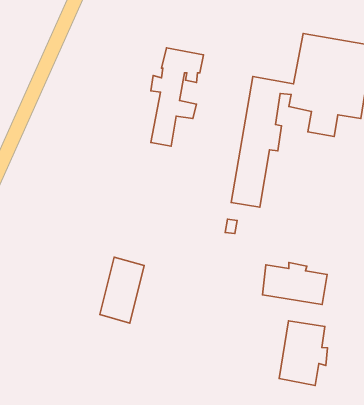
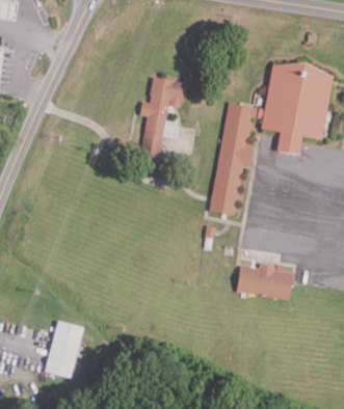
building: [100,257,144,323] -> [45,319,83,376]
building: [279,321,328,385] -> none

